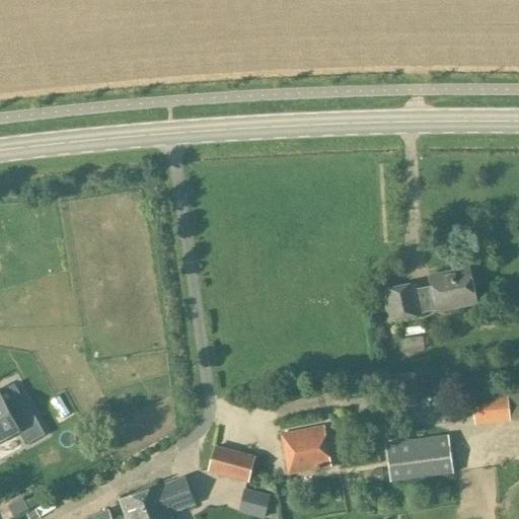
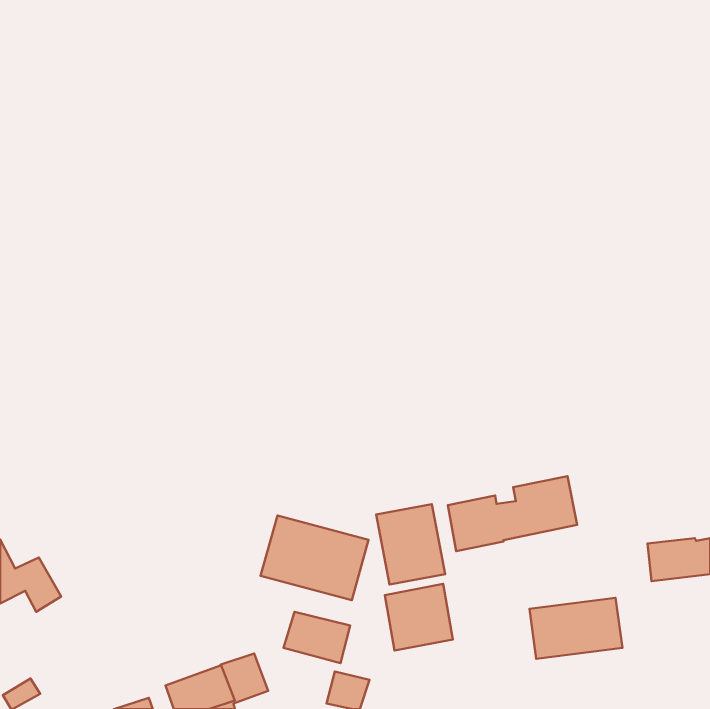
building: [382,268,476,322] -> [448,476,577,551]
building: none -> [376,504,445,584]
building: none -> [261,515,368,600]

